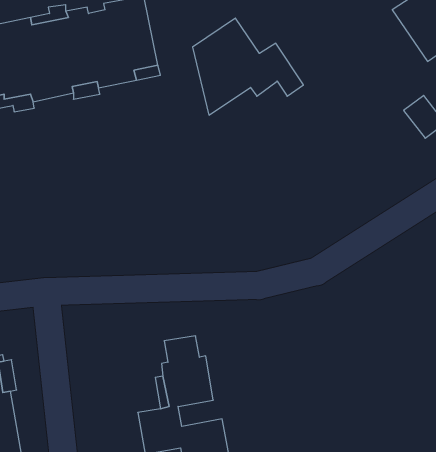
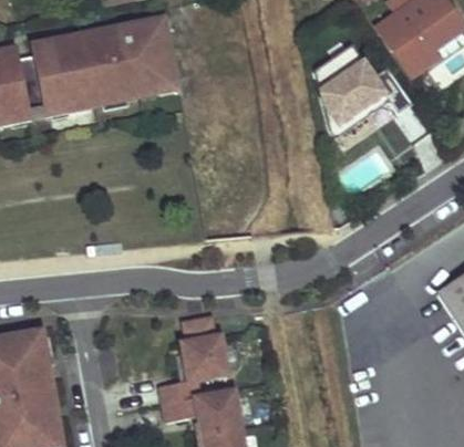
building: [193,18,303,115] -> [315,43,412,128]

